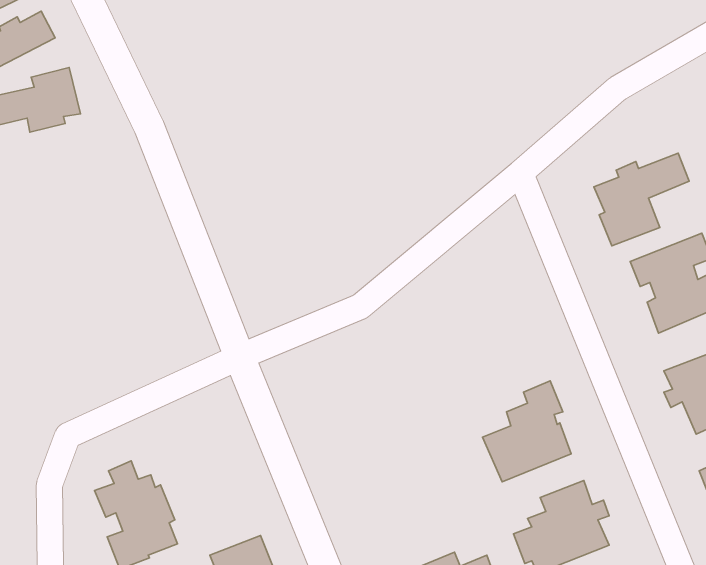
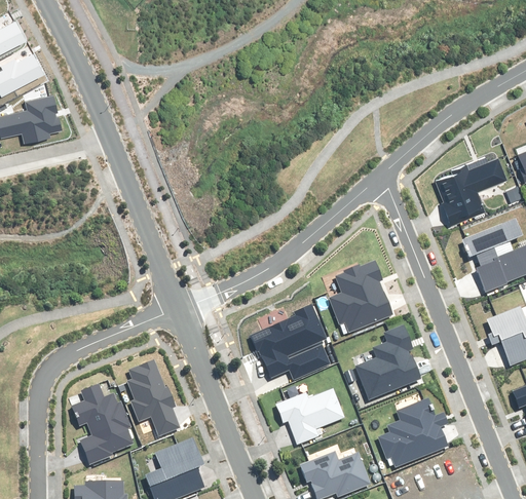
building: none -> [330,262,392,332]
building: none -> [251,304,331,380]
building: none -> [127,361,179,435]
building: none -> [276,389,344,445]

